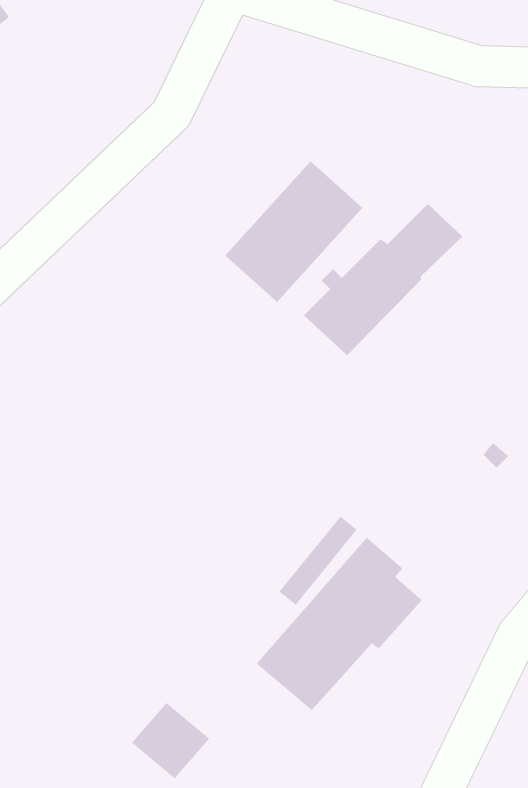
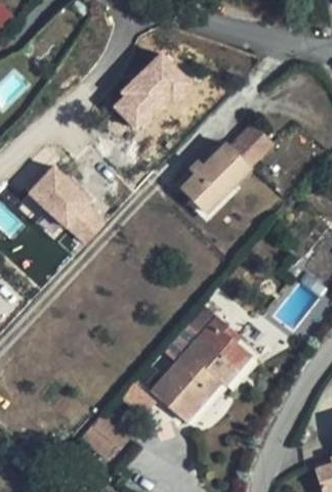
building: [224,161,363,303] -> [108,50,189,133]
building: none -> [25,165,110,244]

